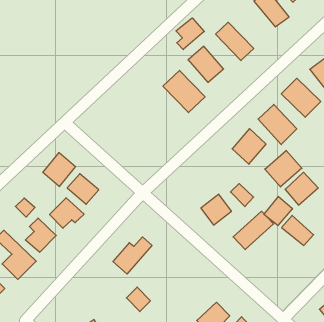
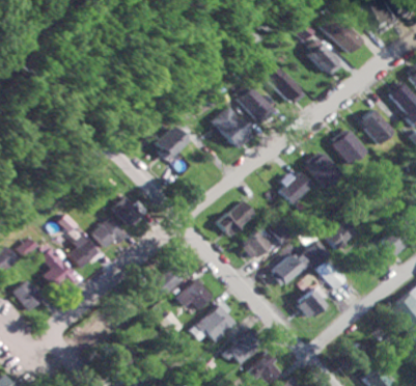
building: [176,18,204,50] -> none
building: none -> [158,126,192,159]
building: [265,150,302,187] -> none
building: [43,153,75,187] -> none
building: none -> [217,200,255,236]
building: none -> [294,287,327,319]
building: none -> [175,279,212,308]
building: none -> [189,301,235,341]

